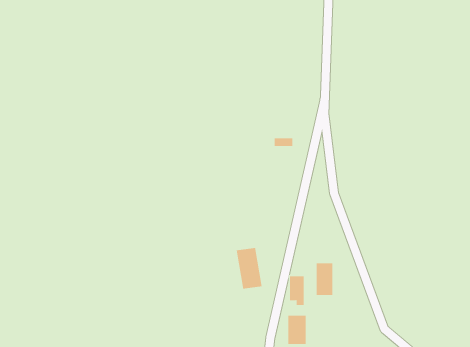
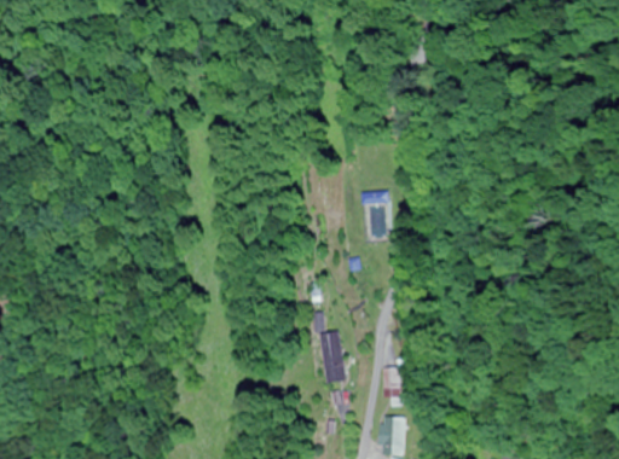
building: [316,263,333,296] -> none

